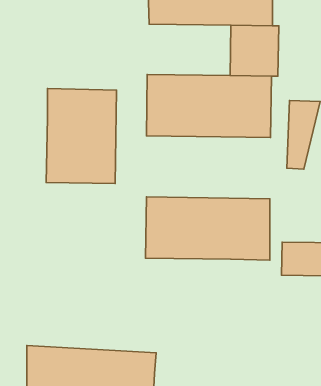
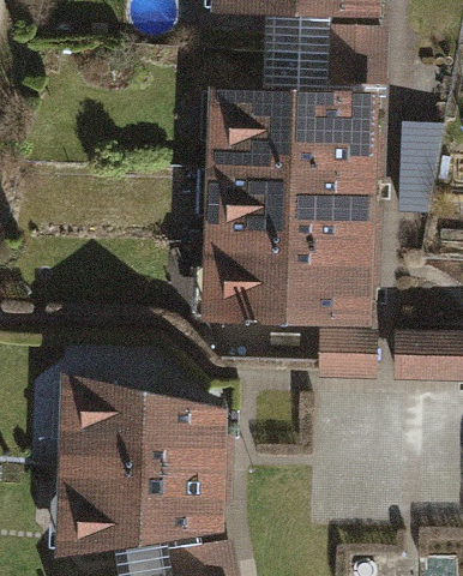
building: [46,88,116,184] -> none
building: none -> [211,181,377,265]
building: none -> [52,361,226,470]

